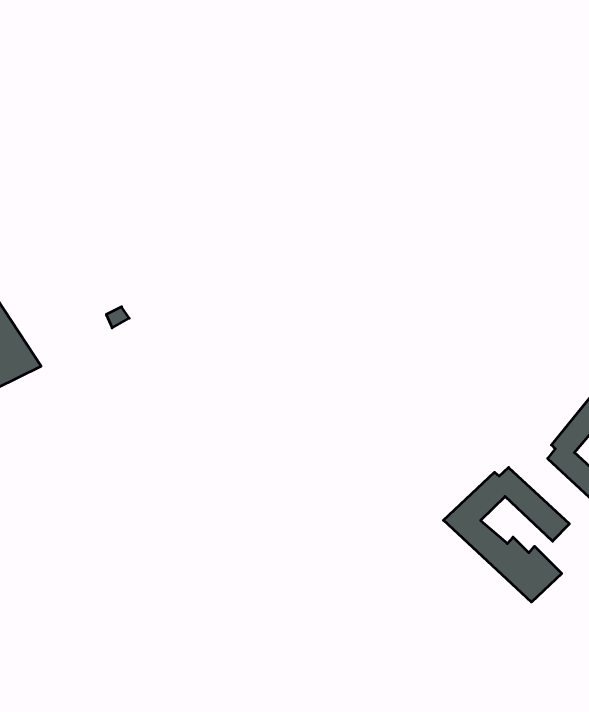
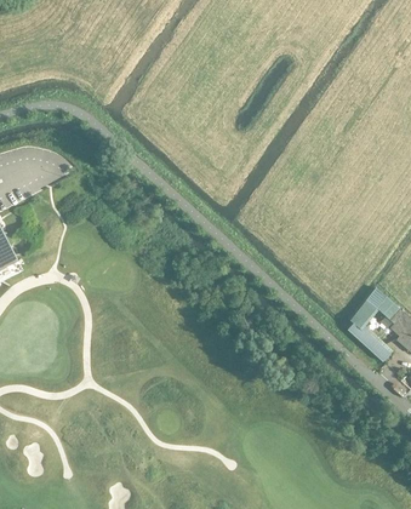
building: [443,467,569,602] -> none

